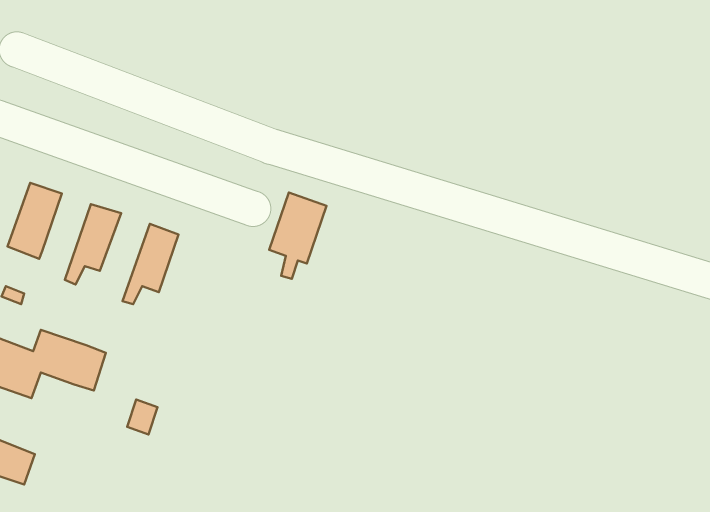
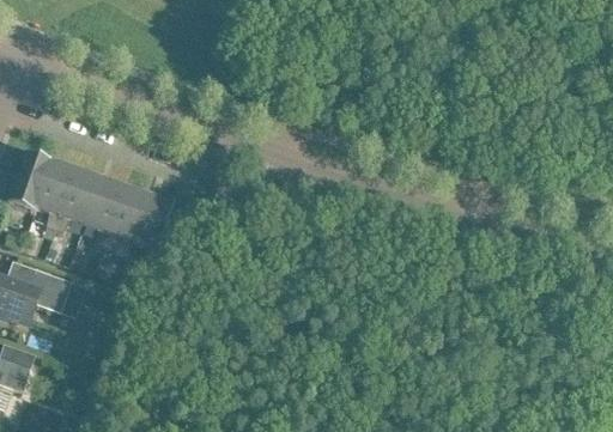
building: [269,192,327,279] -> [126,190,171,258]
building: none -> [34,158,72,226]
building: none -> [79,174,119,243]

